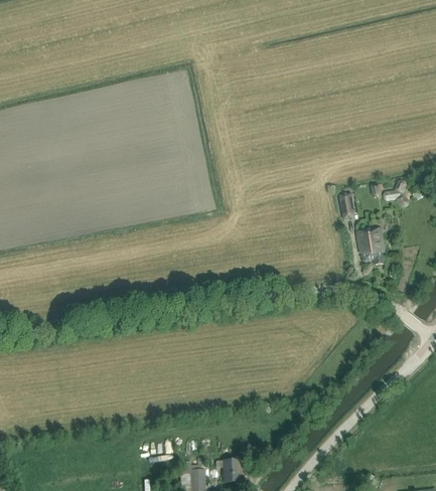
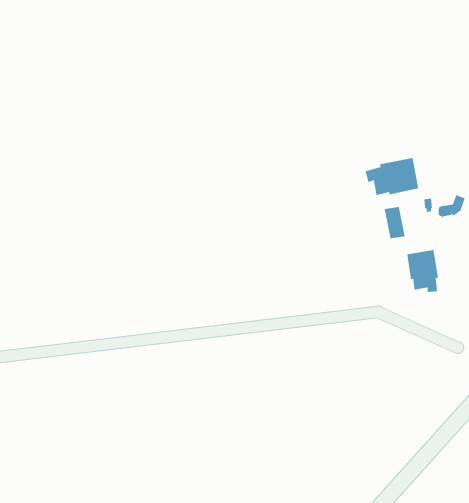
building: none -> [365,157,419,196]

